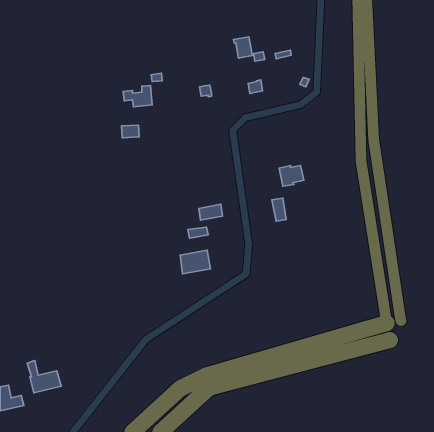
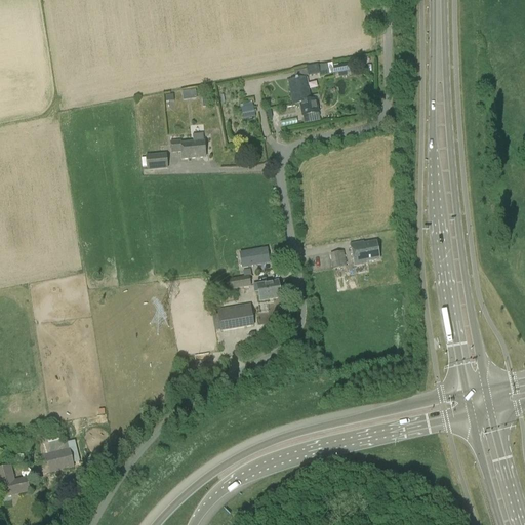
building: [233,37,252,58] -> [287,76,310,102]
building: [123,85,152,107] -> [170,131,205,157]
building: [279,166,304,186] -> [350,238,379,262]
building: none -> [253,278,281,298]

